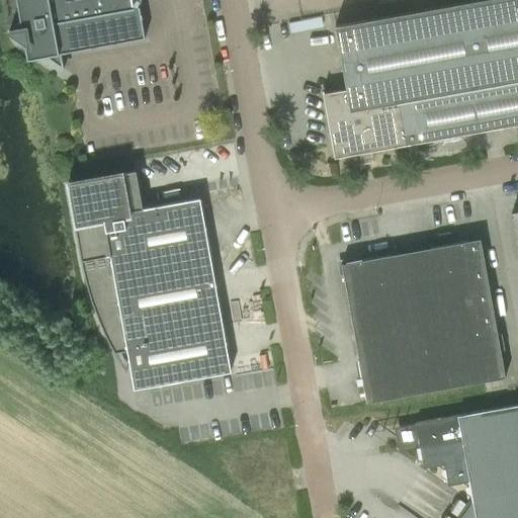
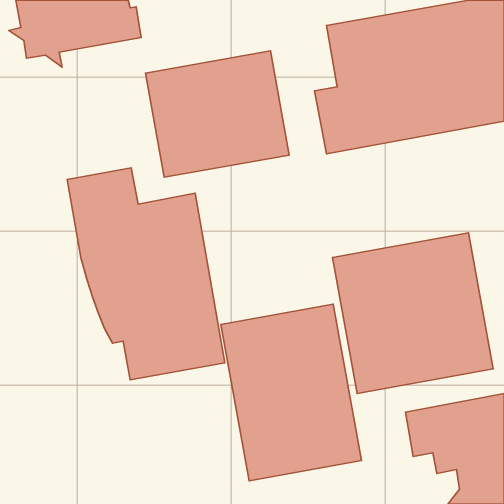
building: none -> [146,51,289,177]
building: none -> [221,304,361,481]

